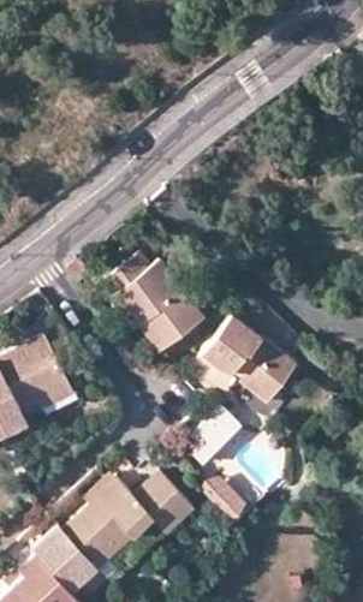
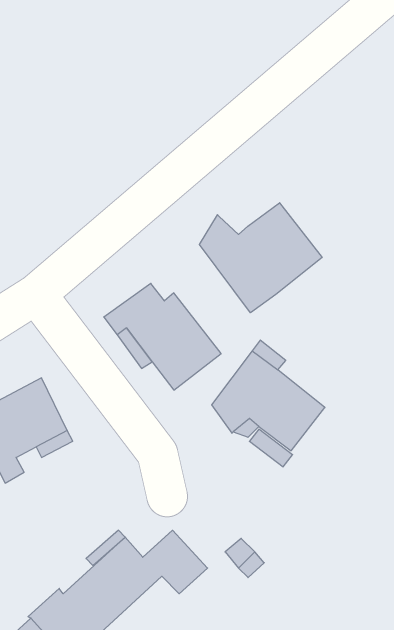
building: none -> [199,203,322,313]
building: [188,410,242,464] -> none

